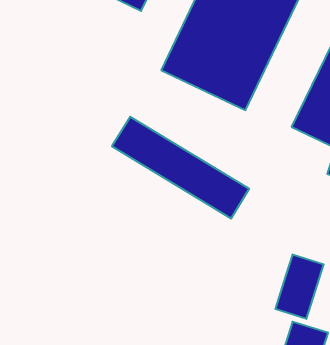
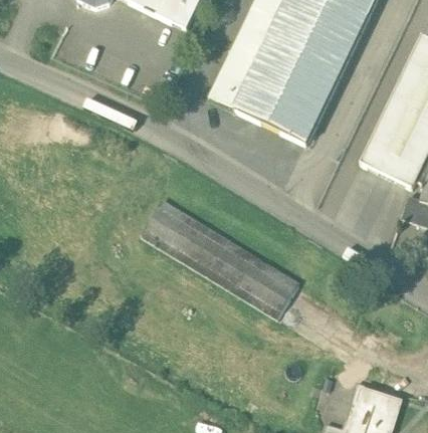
building: [112,117,249,219] -> [141,199,299,316]
building: [275,254,324,319] -> none

